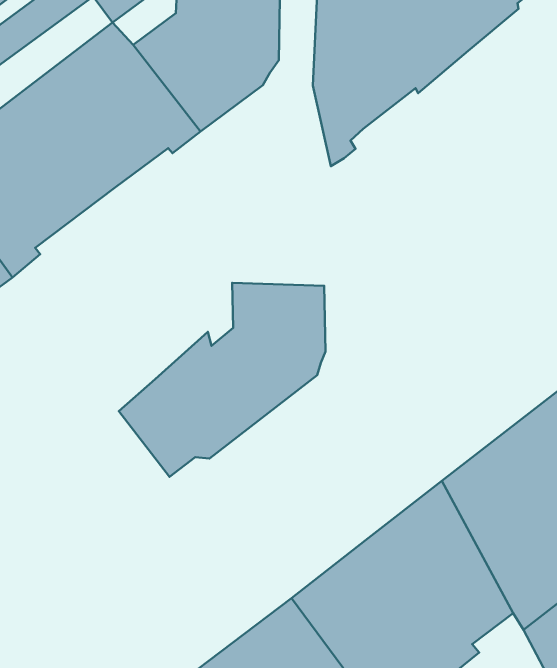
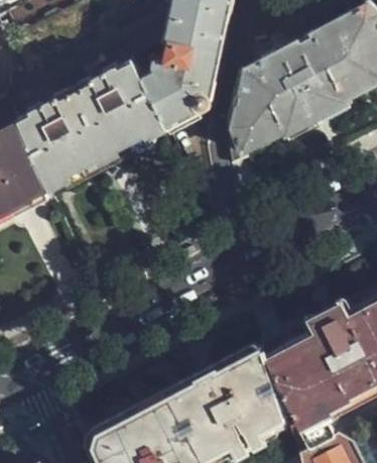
building: [119,283,326,477] -> none

